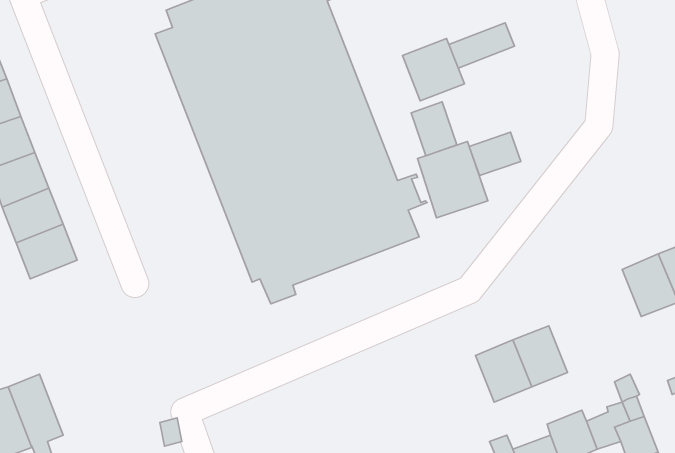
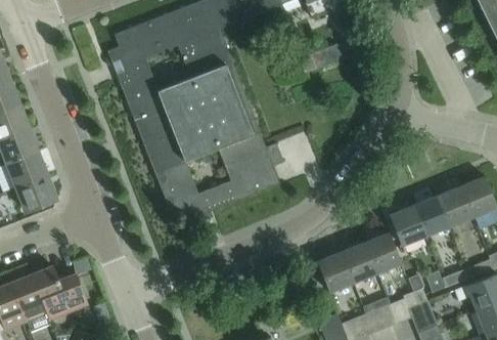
building: [402,38,464,101] -> none
building: [411,102,457,156] -> none
building: [469,132,521,176] -> none
building: none -> [389,205,425,245]
building: none -> [365,231,402,272]
building: none -> [32,265,88,320]

